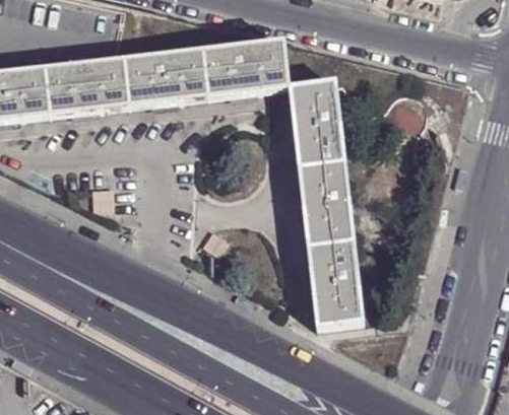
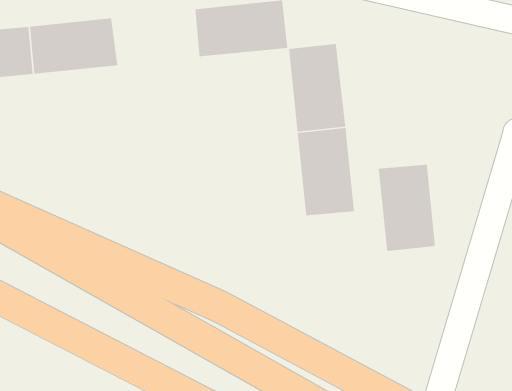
building: [123,50,205,103] -> none
building: [306,241,361,325] -> [378,164,436,252]

